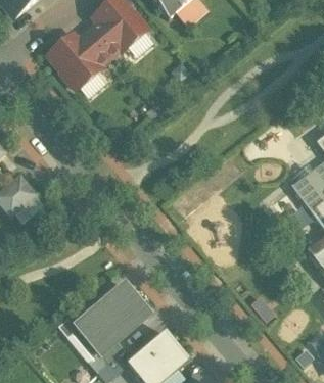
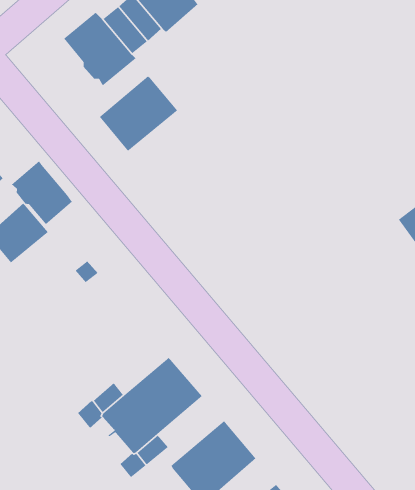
building: none -> [99,76,178,152]
building: none -> [11,160,73,225]

